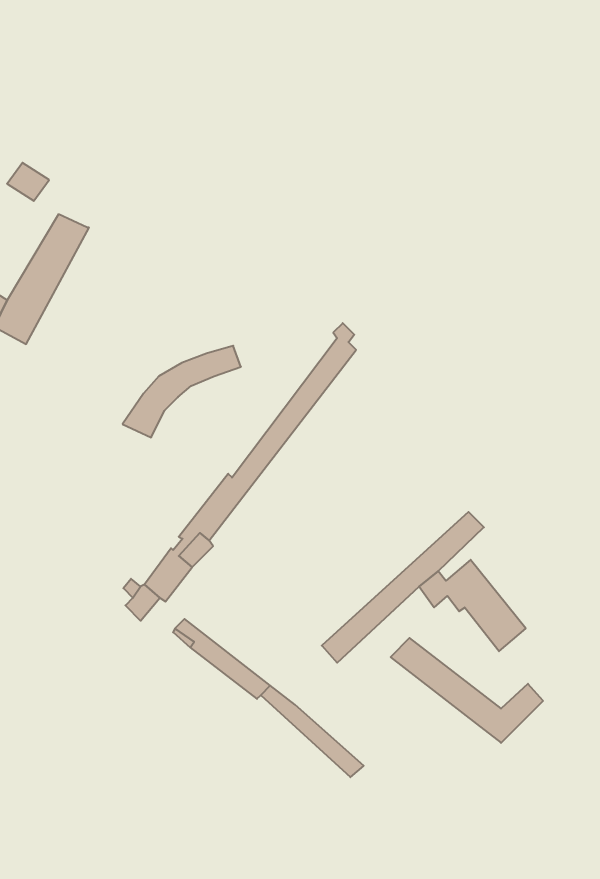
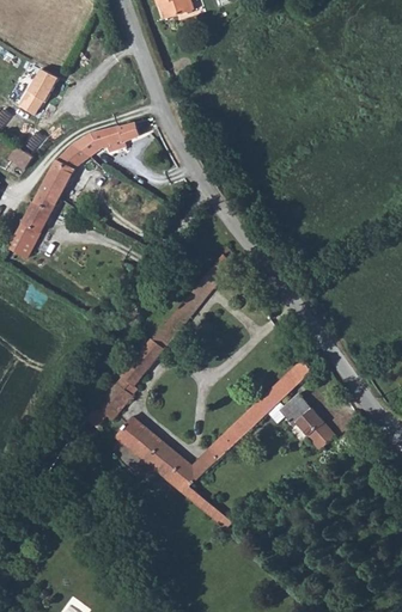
building: none -> [23,66,62,114]
building: [123,346,241,437] -> [43,128,117,185]
building: [391,638,543,743] -> [122,418,218,484]

